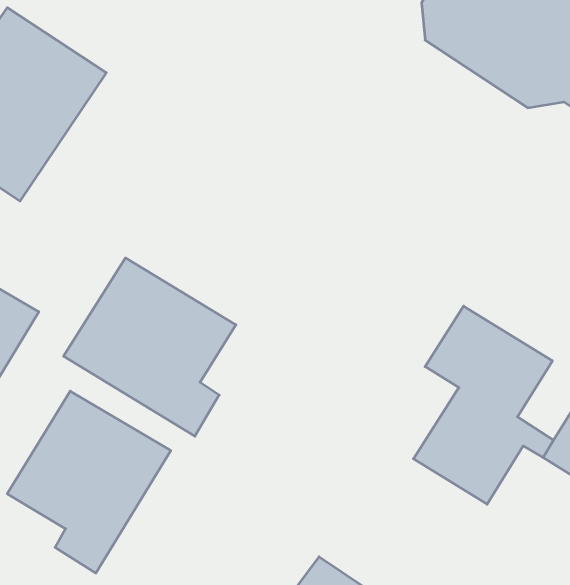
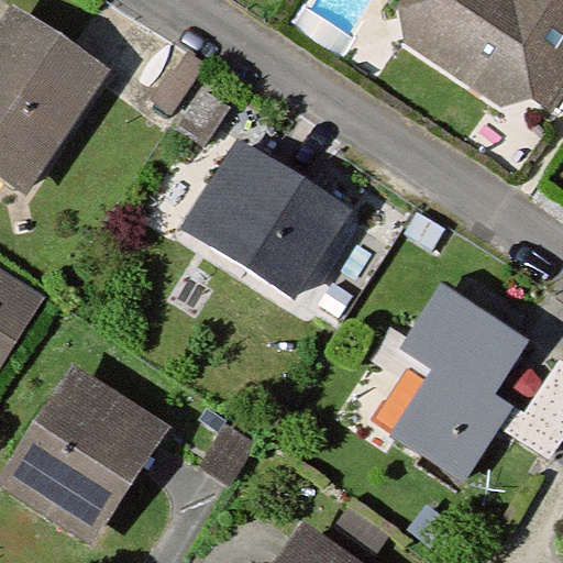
building: none -> [183,140,349,297]
building: [64,258,236,436] -> none

